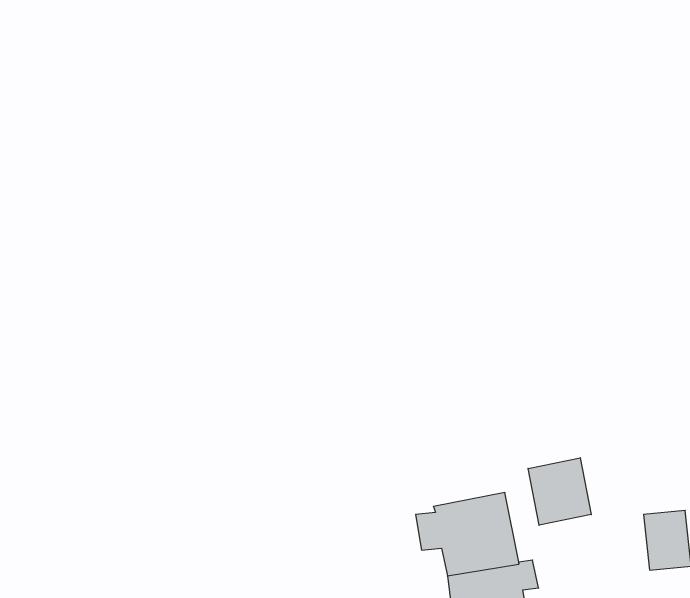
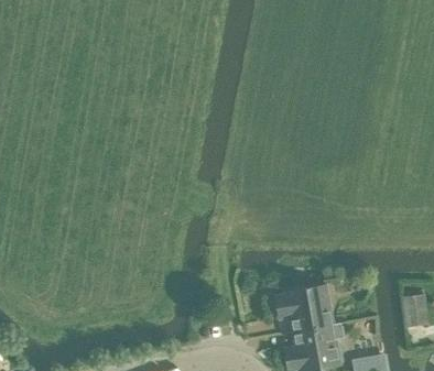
building: [528,458,591,525] -> none

